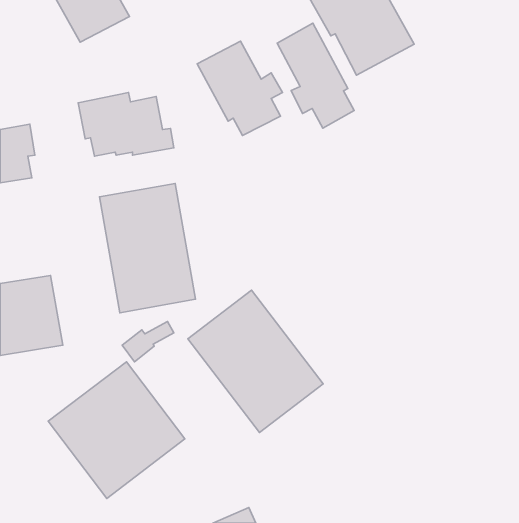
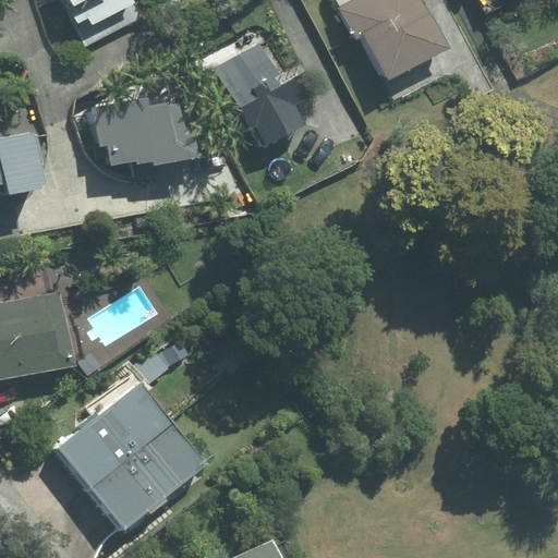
building: [277,23,354,128] -> none
building: [100,183,196,313] -> none
building: [188,290,323,433] -> none

